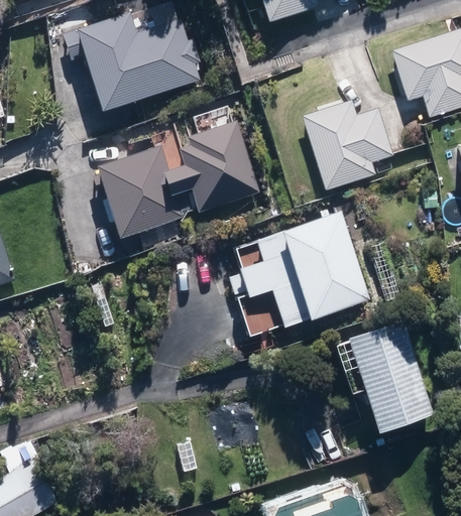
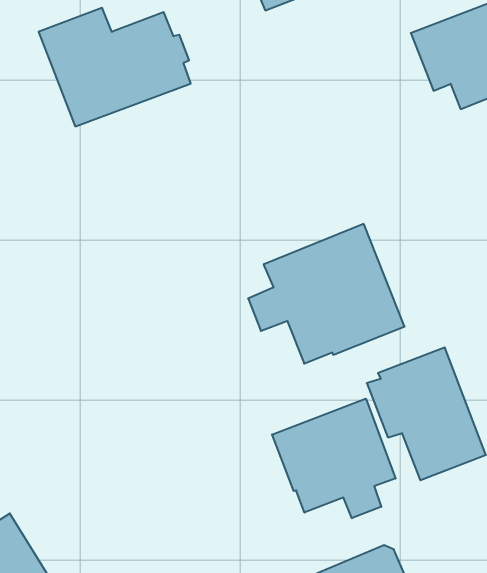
building: [300,100,392,191] -> none
building: [94,122,259,238] -> none
building: none -> [272,399,396,518]

